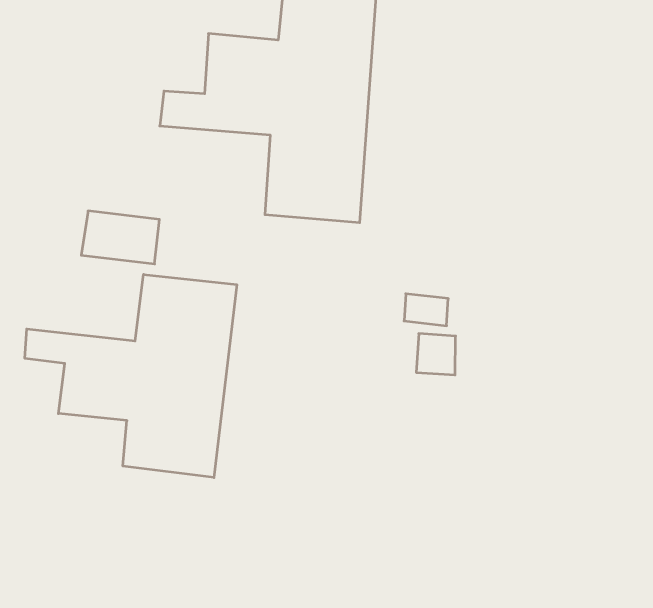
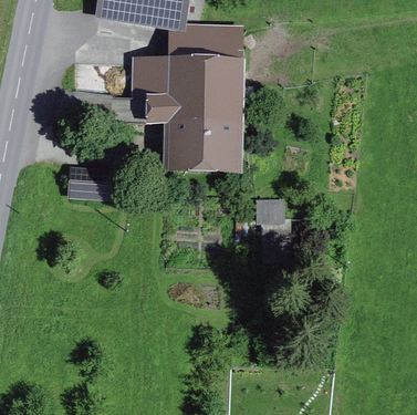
building: [25,274,237,478] -> none

